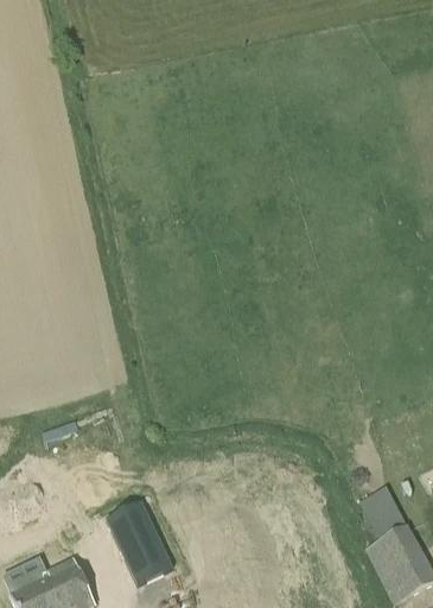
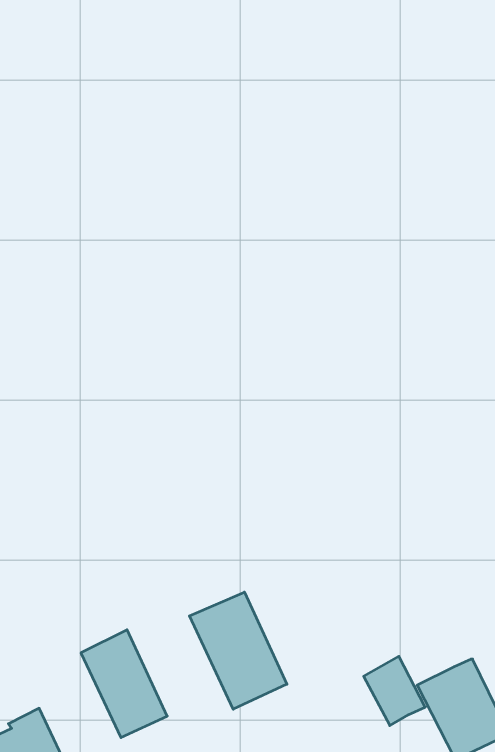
building: none -> [189,592,287,709]
building: [357,484,405,538] -> [364,656,425,726]

